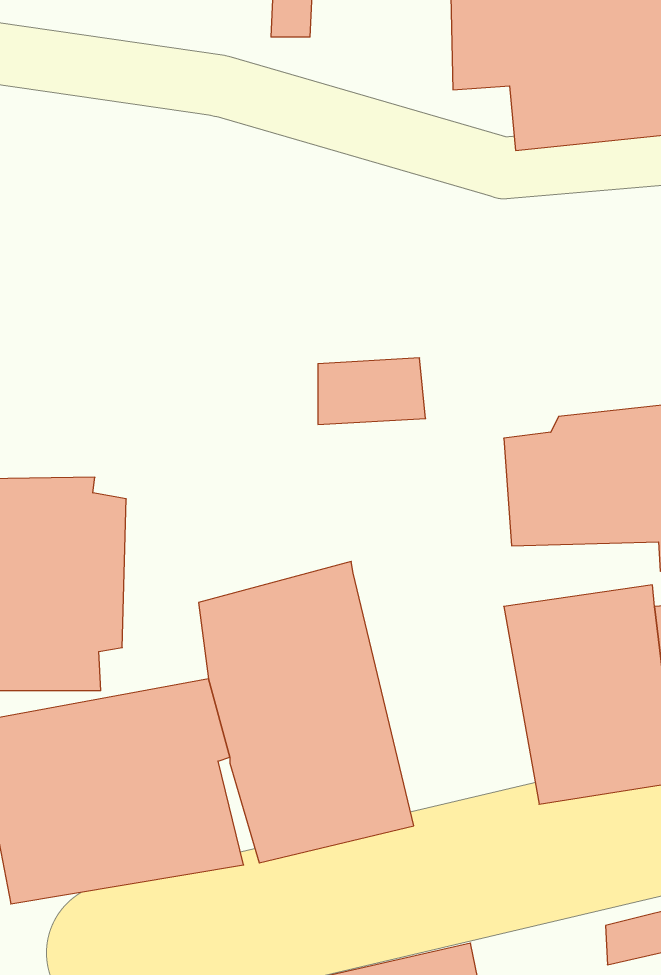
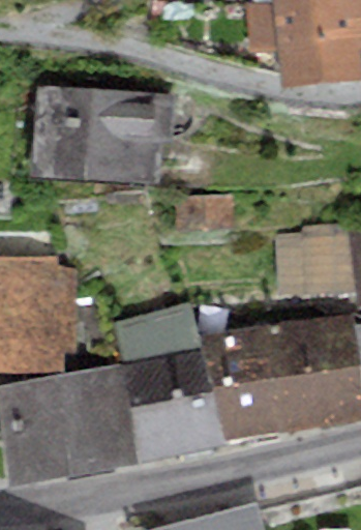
building: none -> [33,86,170,182]
building: none -> [195,300,294,442]

